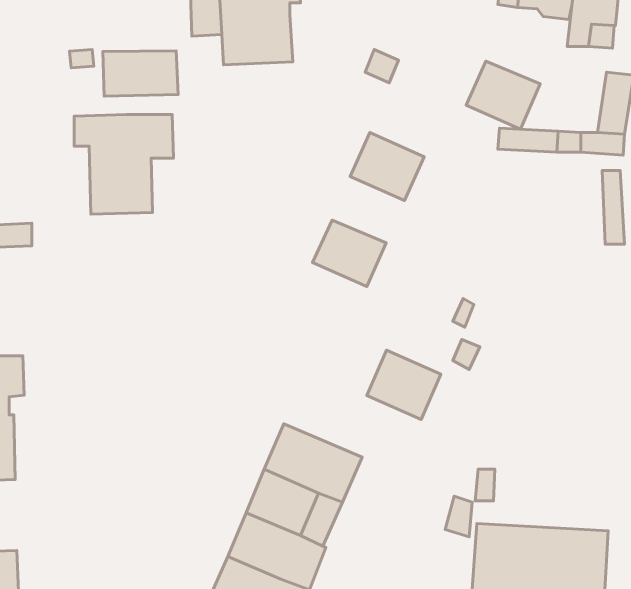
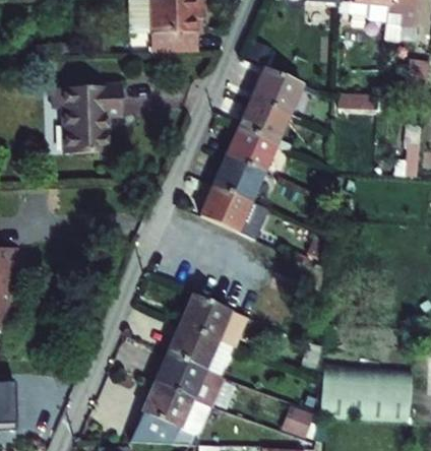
building: [103,51,178,96] -> none
building: [466,61,540,129] -> [251,68,301,114]
building: none -> [226,127,274,172]
building: [367,350,441,420] -> [199,185,249,232]

